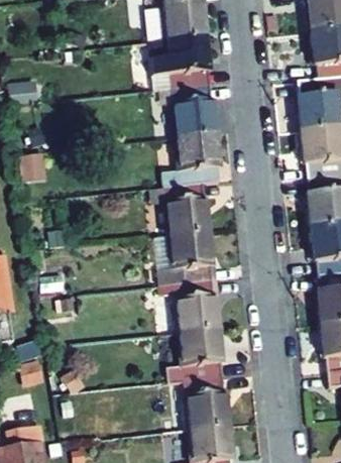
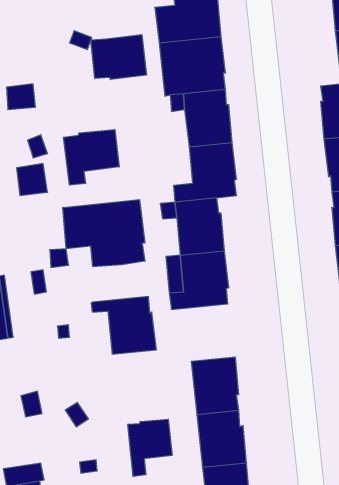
building: none -> [91,35,146,80]
building: none -> [63,129,119,185]
building: none -> [63,200,145,267]
building: [160,280,220,333] -> [91,297,156,354]
building: none -> [128,419,172,477]

